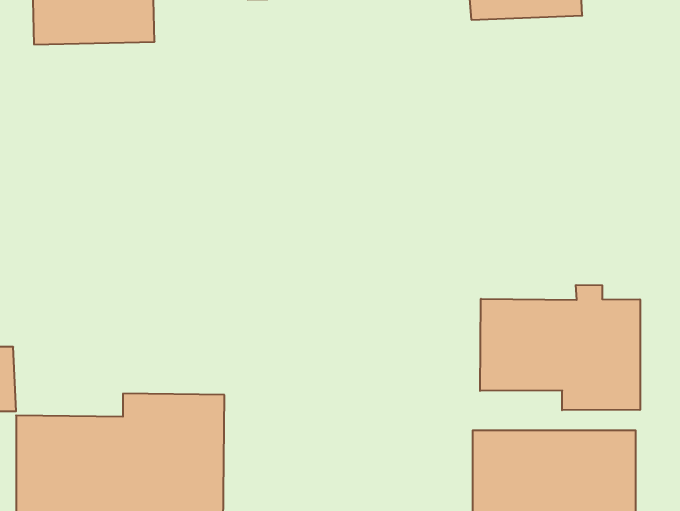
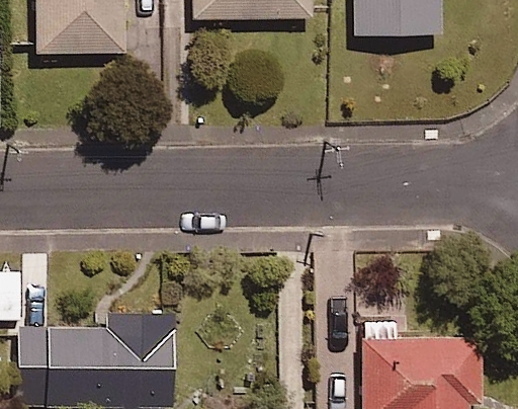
building: [480,285,640,410] -> none

